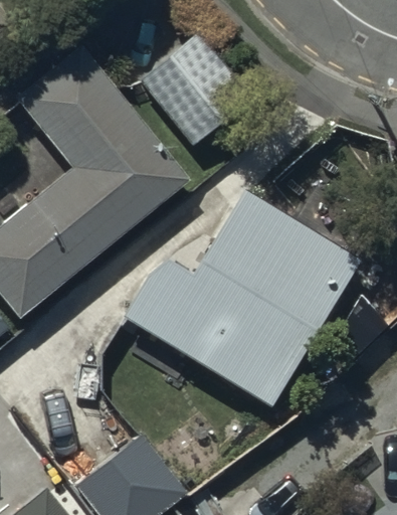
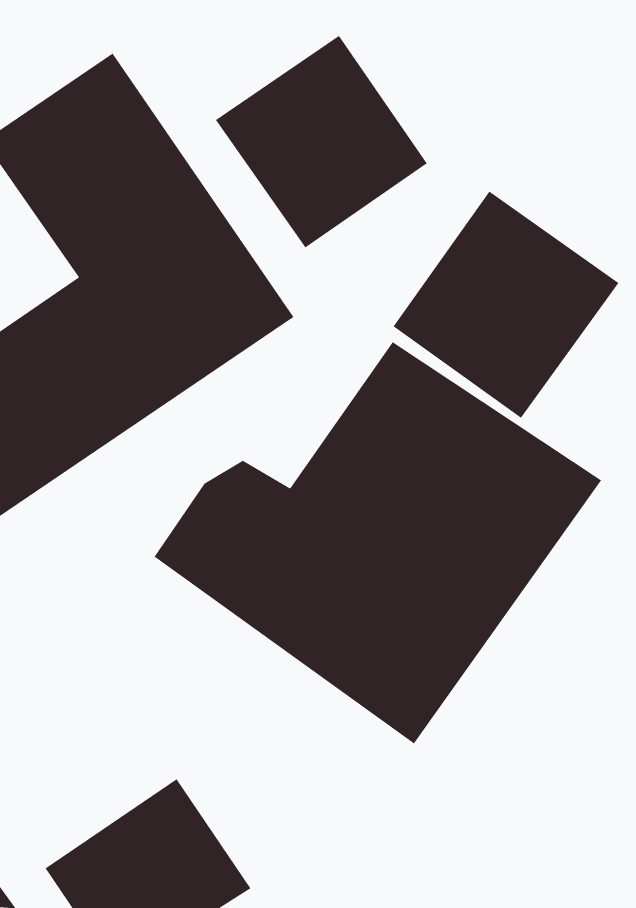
building: none -> [392,191,620,419]

